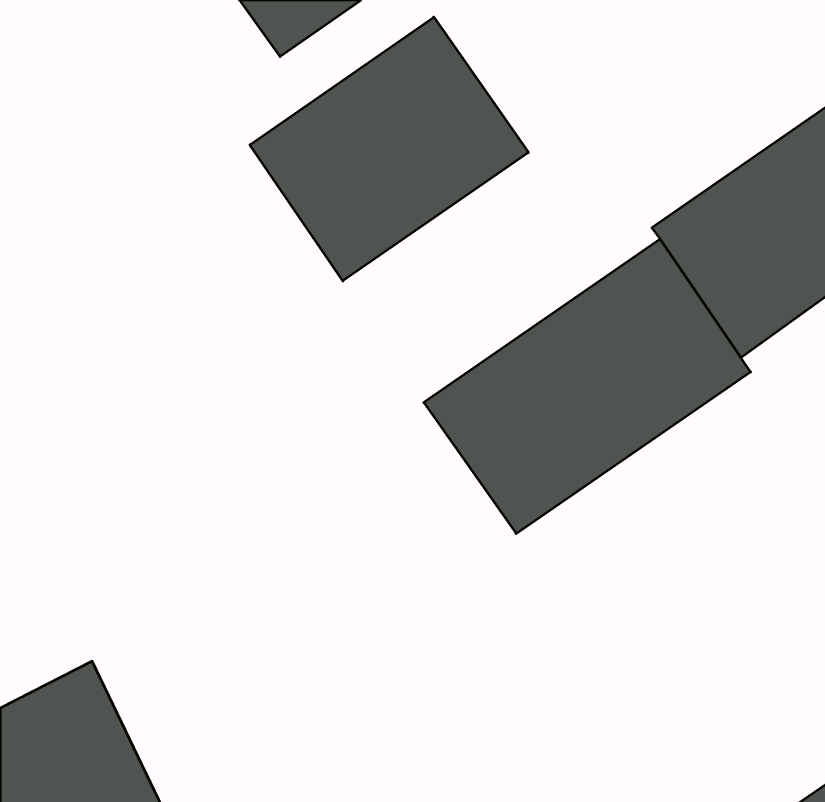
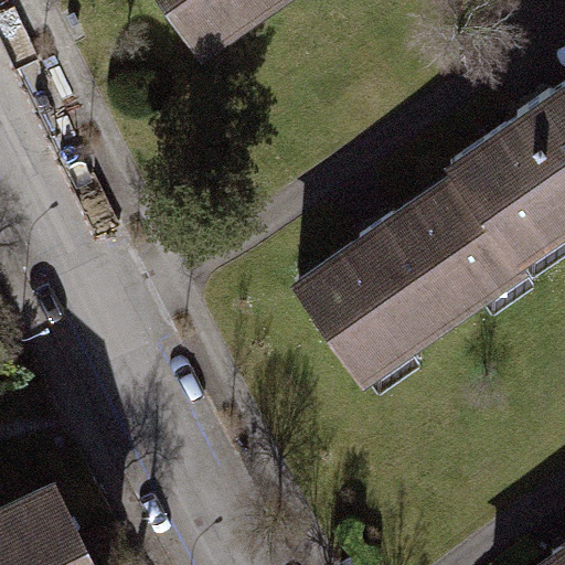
building: [250,17,528,281] -> none

